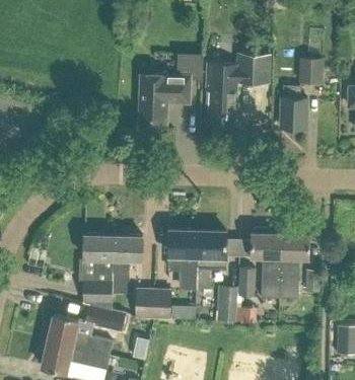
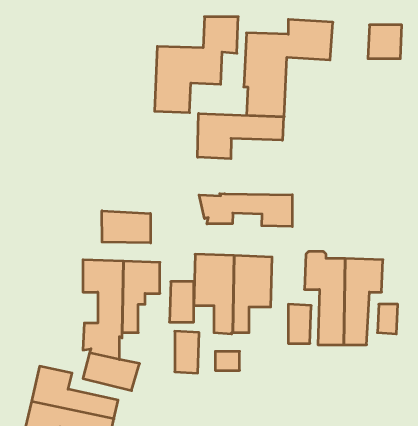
building: [280,85,307,130] -> none
building: none -> [198,113,283,159]
building: none -> [199,194,292,227]
building: none -> [102,211,151,243]
building: [215,286,254,322] -> none
building: [135,288,153,318] -> [169,282,194,322]

